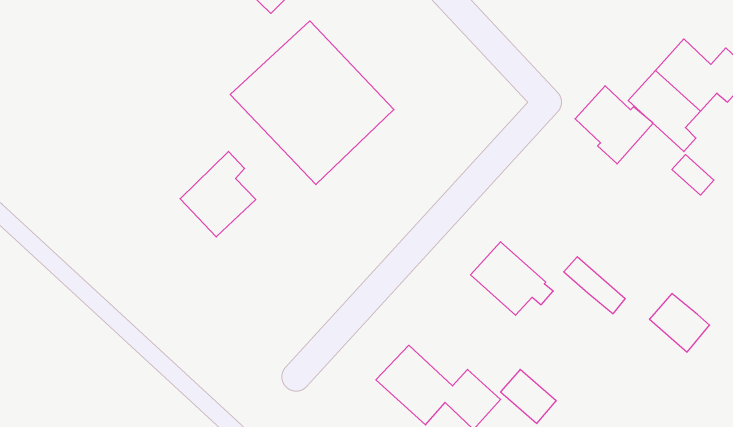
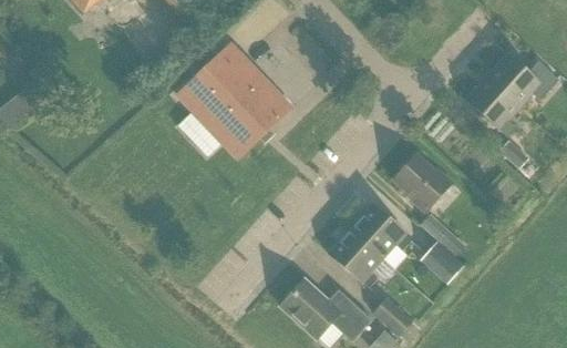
building: [575,86,653,164] -> [394,154,452,212]
building: [180,151,256,237] -> none
building: none -> [328,227,383,287]
building: [649,294,710,352] -> [420,240,464,284]

